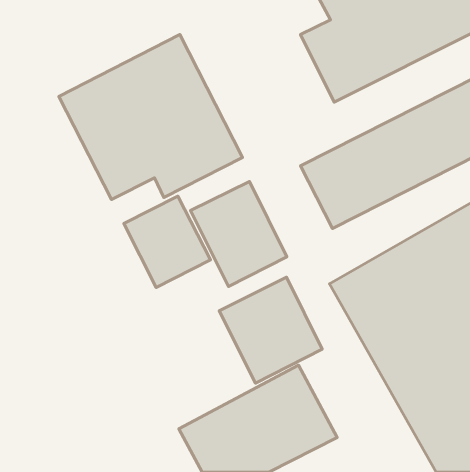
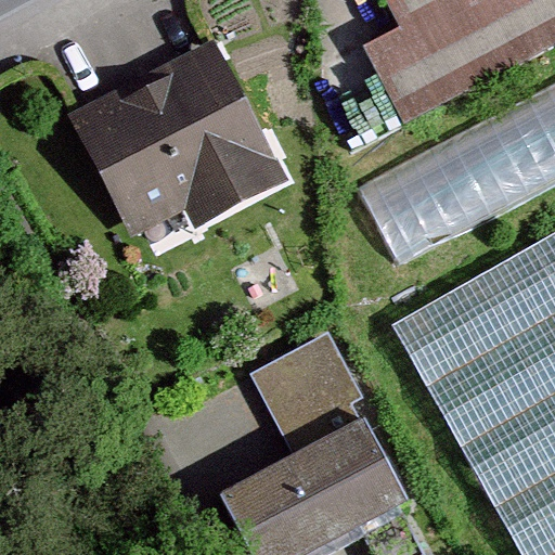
building: [191,182,287,286] -> none
building: [124,196,211,288] -> none

